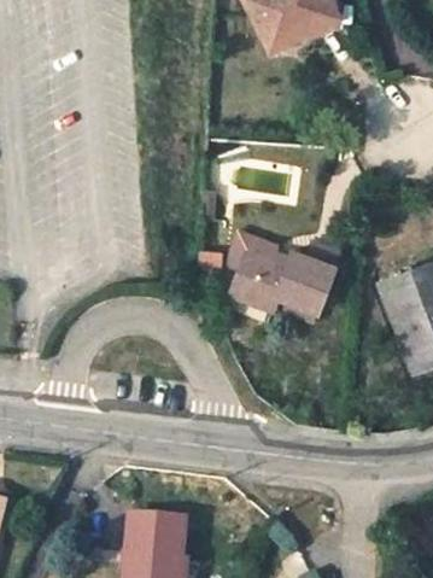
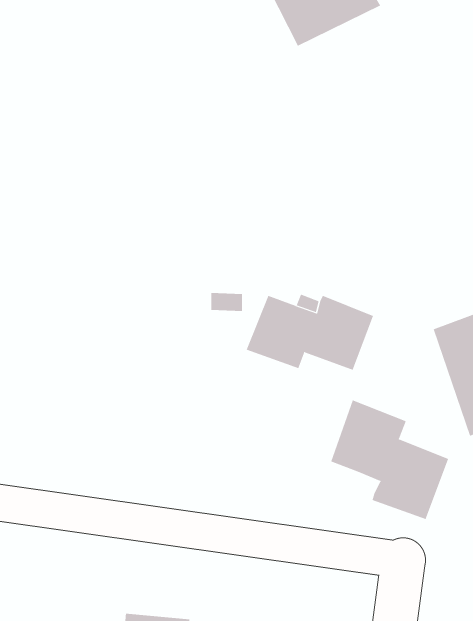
building: none -> [330,399,449,520]

